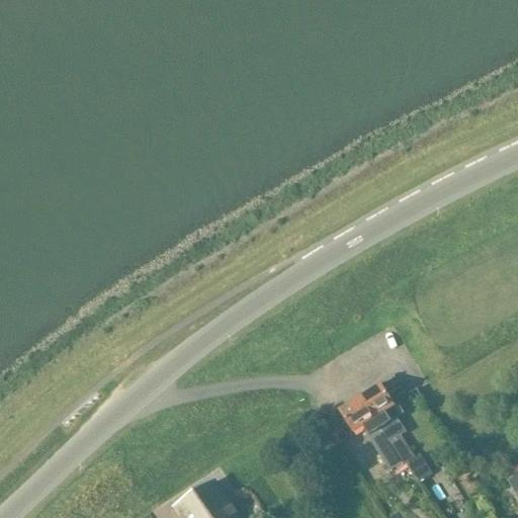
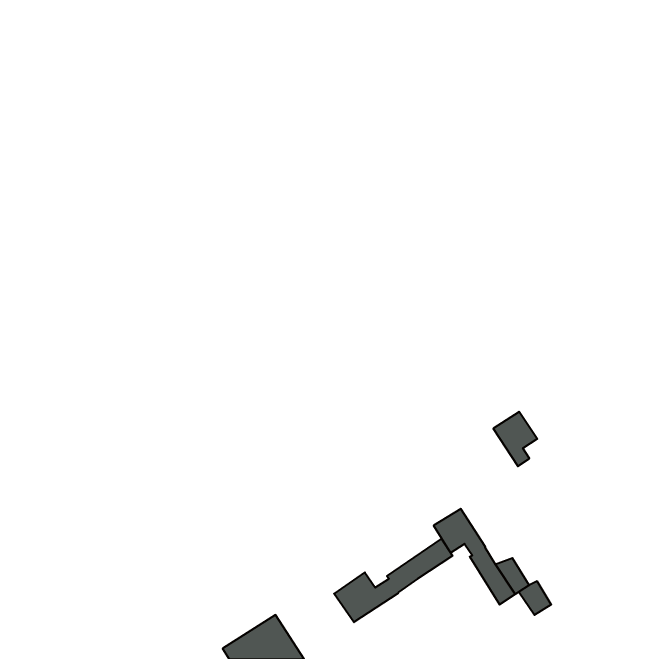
building: [361,384,396,427] -> [493,412,537,466]
building: none -> [334,539,452,622]

